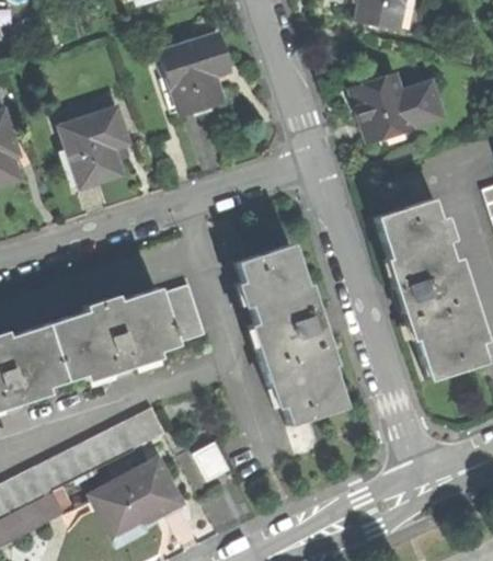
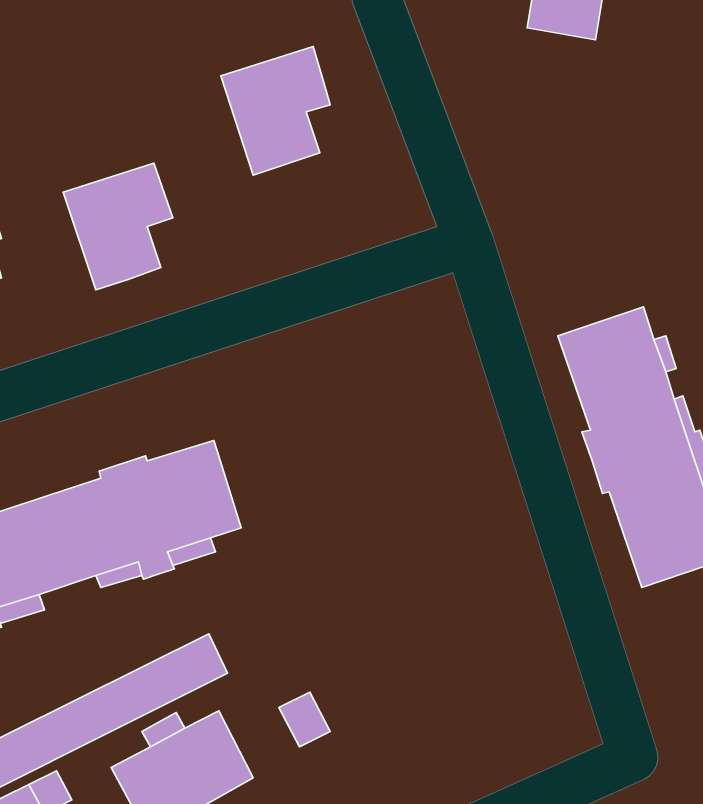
building: [351,73,445,142] -> none
building: [234,244,344,425] -> none
building: [159,282,205,341] -> none

